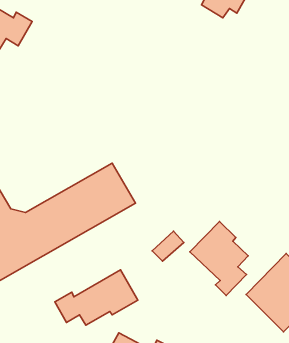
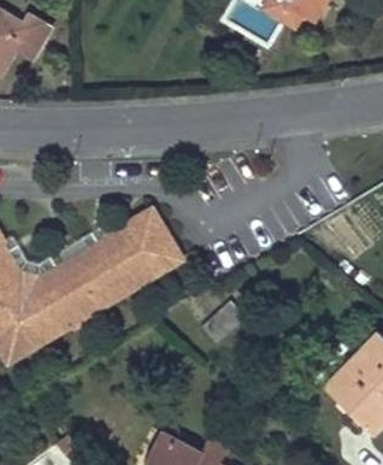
building: [190,221,248,295] -> none
building: [55,270,138,325] -> none

